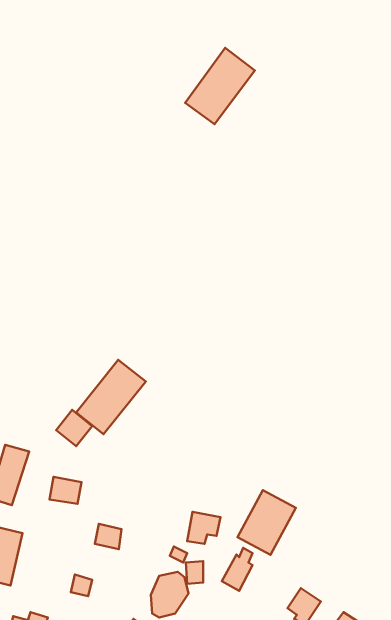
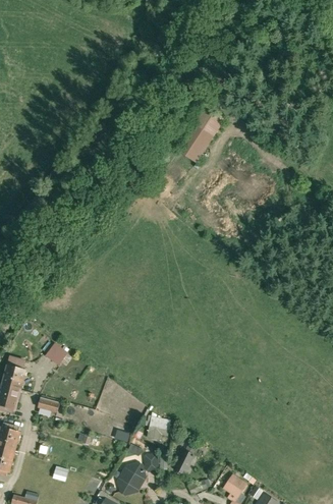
building: [185,48,255,124] -> [173,106,226,164]
building: [76,360,146,434] -> none
building: [237,490,296,555] -> none

